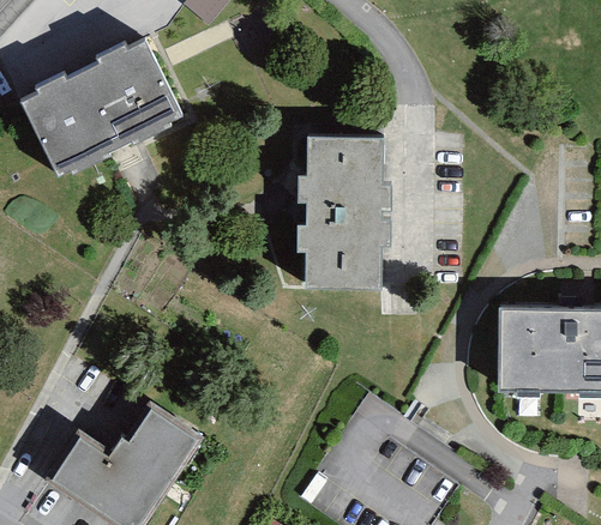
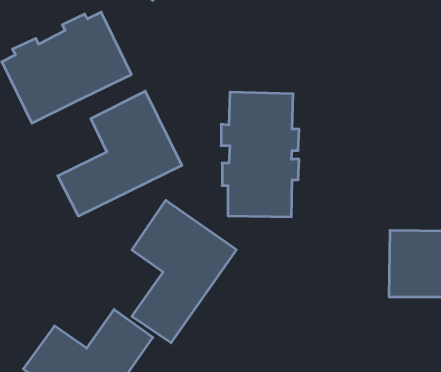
building: none -> [58,91,182,216]
building: none -> [132,200,236,343]

